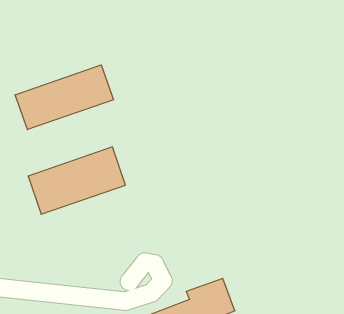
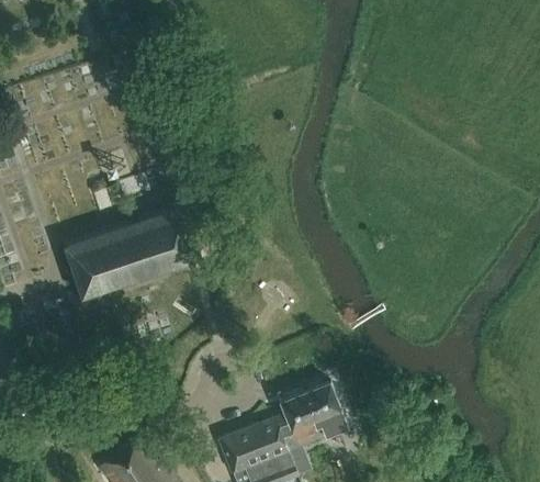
building: [15,65,114,130] -> none

